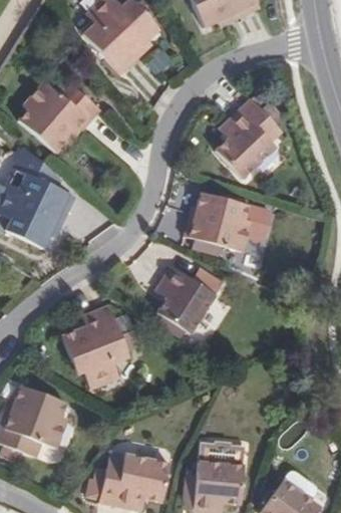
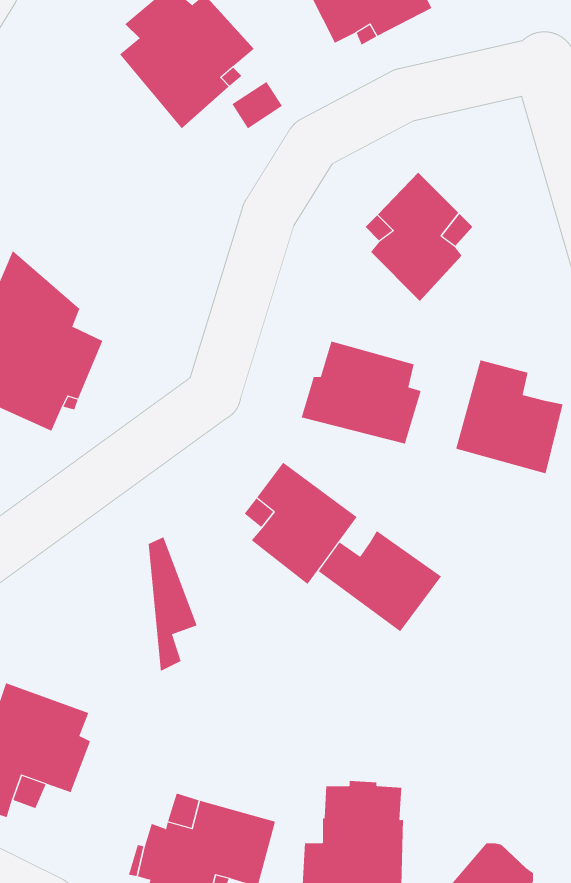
building: [20,71,104,149] -> none
building: none -> [455,359,563,474]
building: none -> [318,530,442,632]
building: [61,308,106,387] -> none

